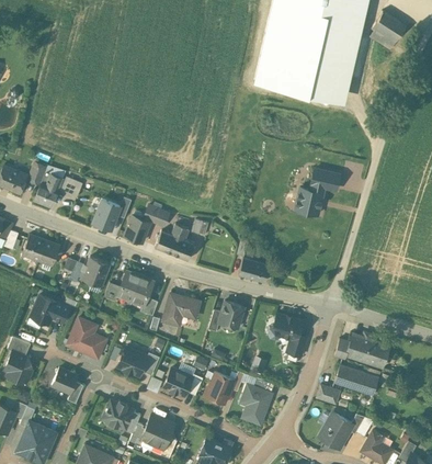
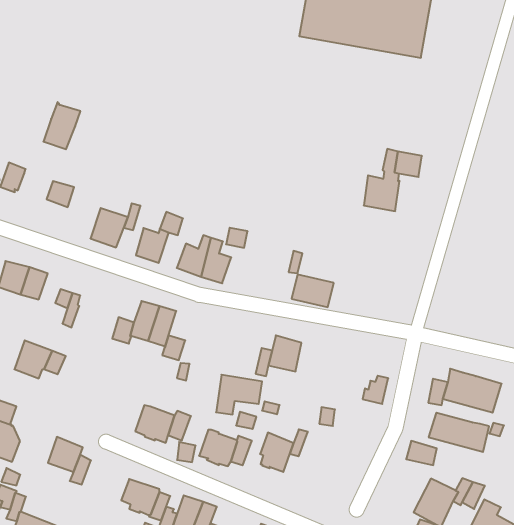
building: [34,172,62,207] -> [43,102,80,149]
building: [83,257,110,285] -> none
building: [163,294,198,324] -> [216,375,262,414]
building: [268,314,302,340] -> none
building: [67,318,105,359] -> none
building: [242,385,272,425] -> none

